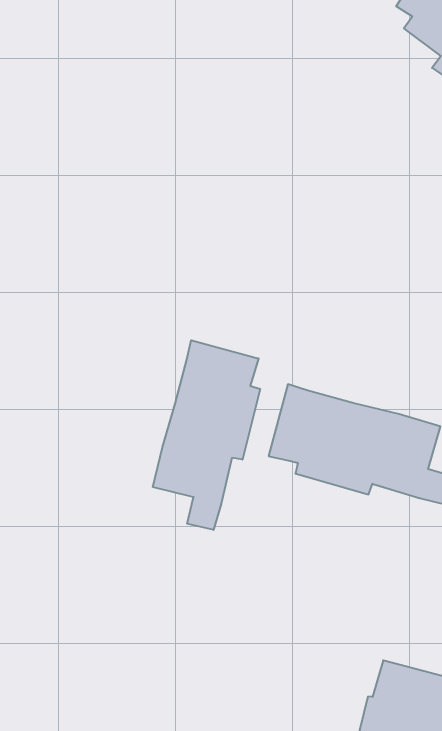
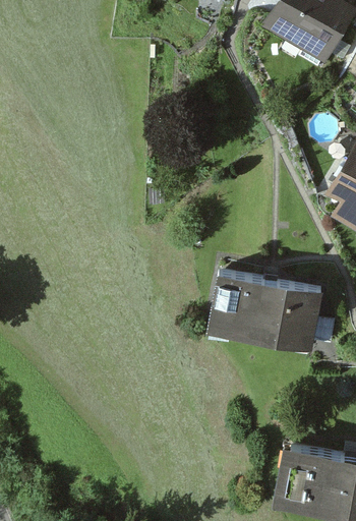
building: [153,340,260,530] -> none

